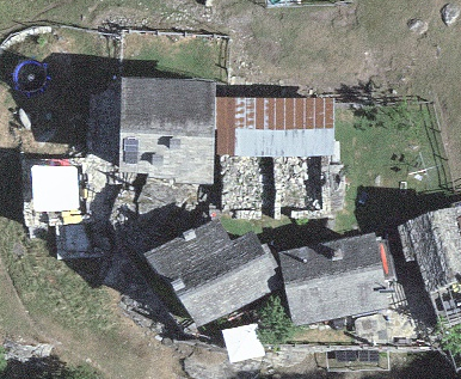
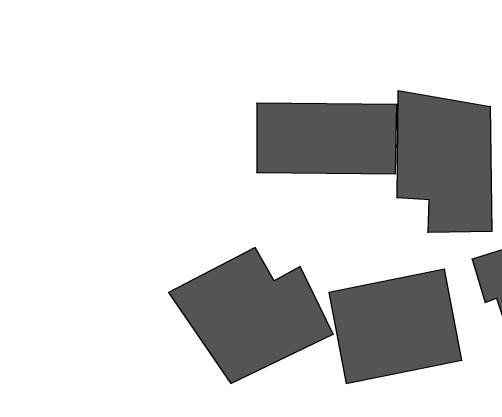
building: [118,78,215,183] -> none
building: none -> [397,91,492,233]

